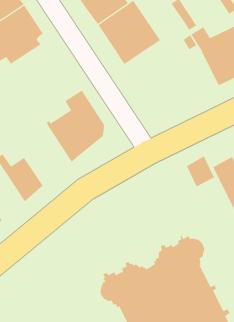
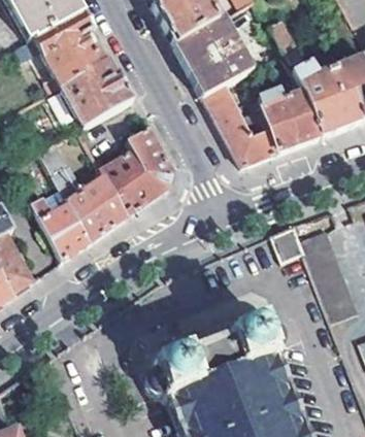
building: none -> [61,59,133,125]
building: none -> [206,83,321,164]
building: none -> [45,155,127,241]

